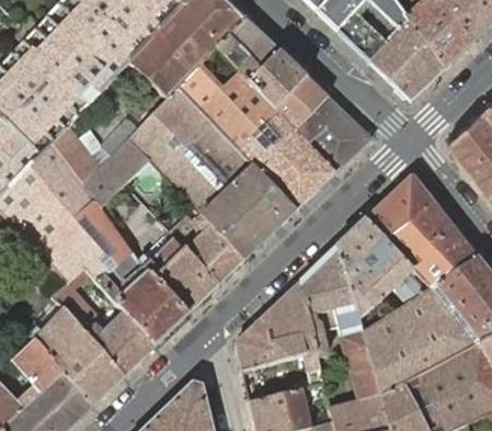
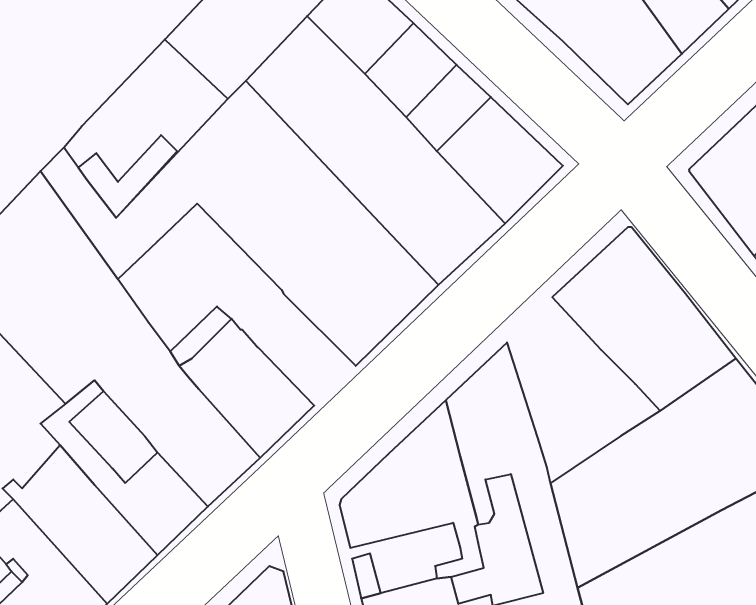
building: [176,212,245,282] -> none
building: [337,216,431,319] -> none

